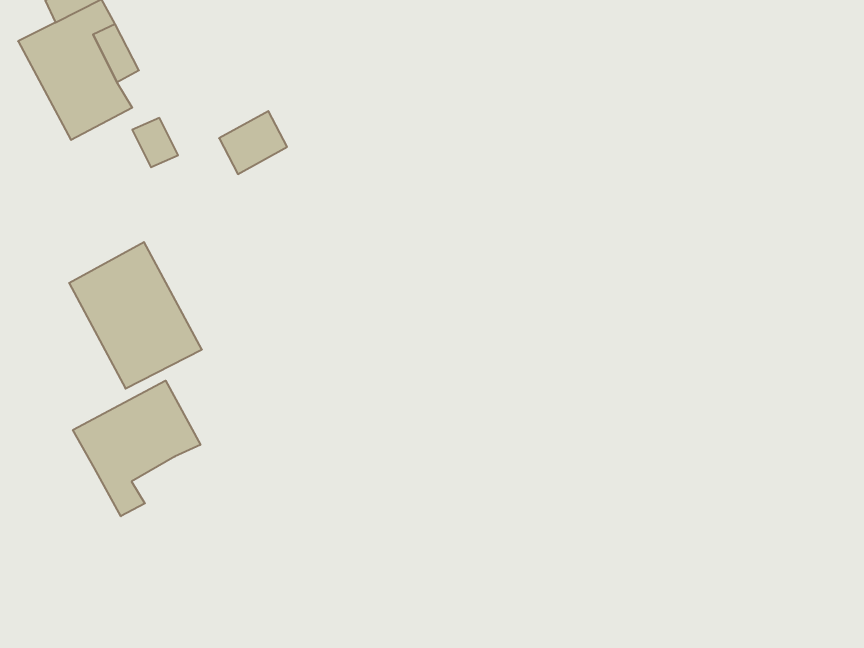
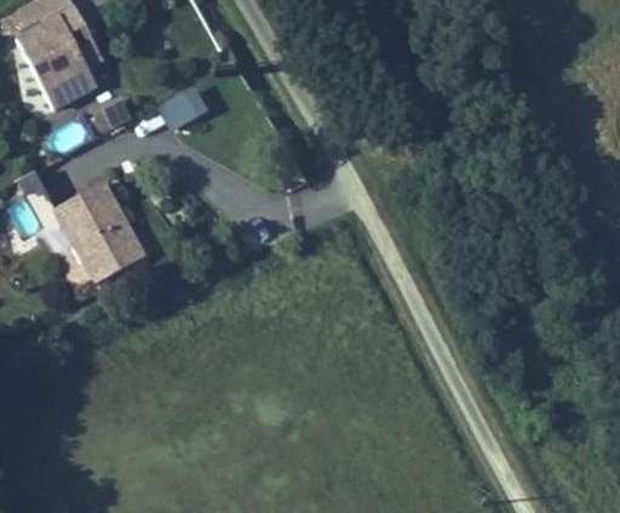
building: [73,381,200,516] -> none

